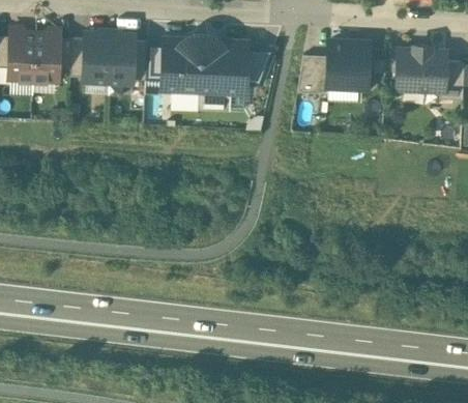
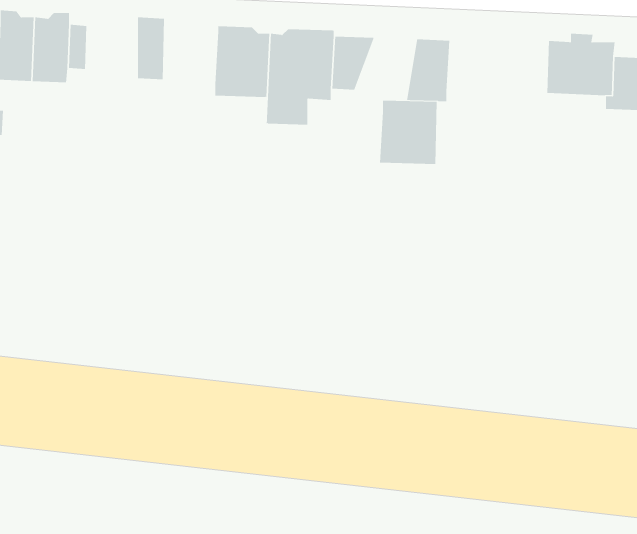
building: [86,34,107,78] -> none
building: [326,42,368,88] -> [379,100,438,164]
building: [144,44,164,82] -> none

